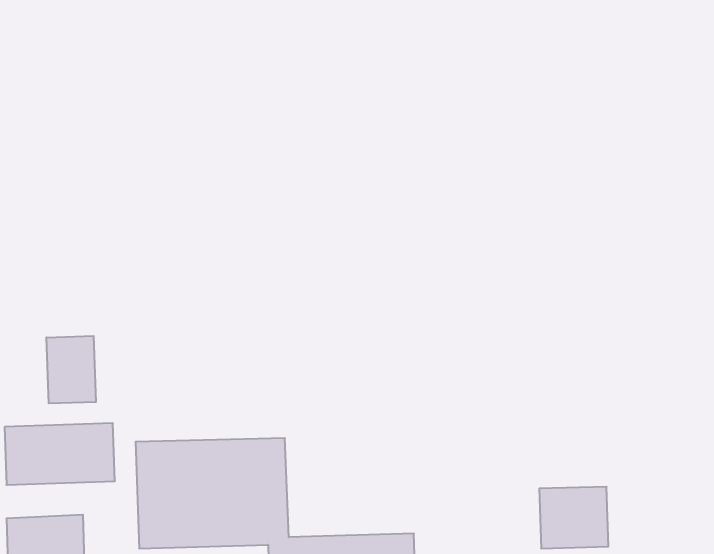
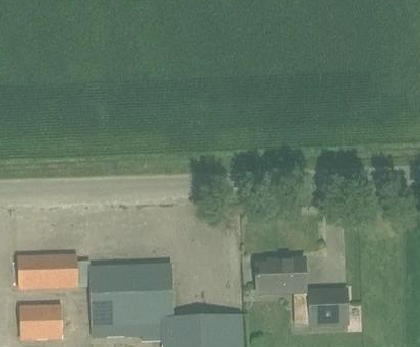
building: [46,336,96,403] -> none
building: none -> [255,258,305,293]

